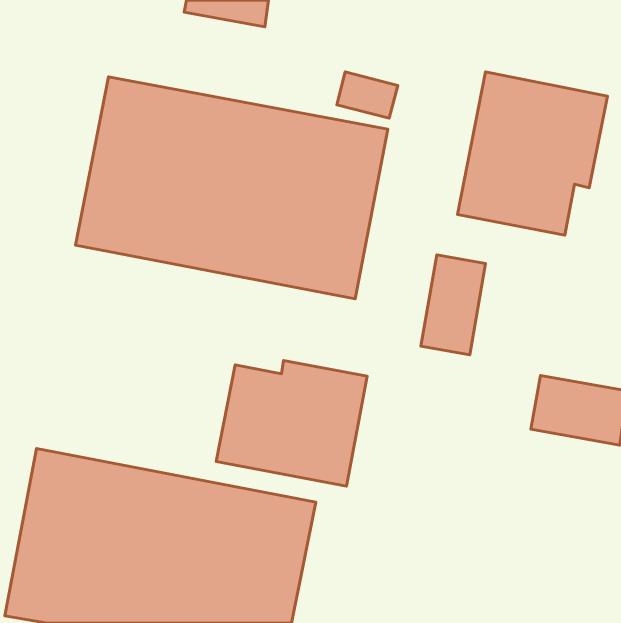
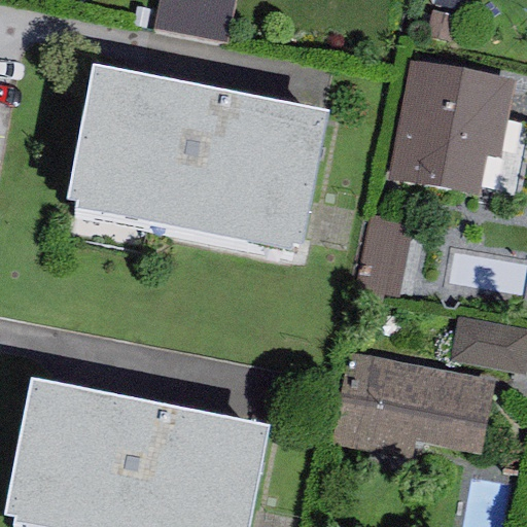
building: [216,360,367,486] -> none
building: none -> [331,352,495,459]

